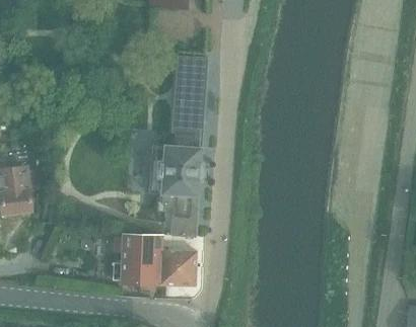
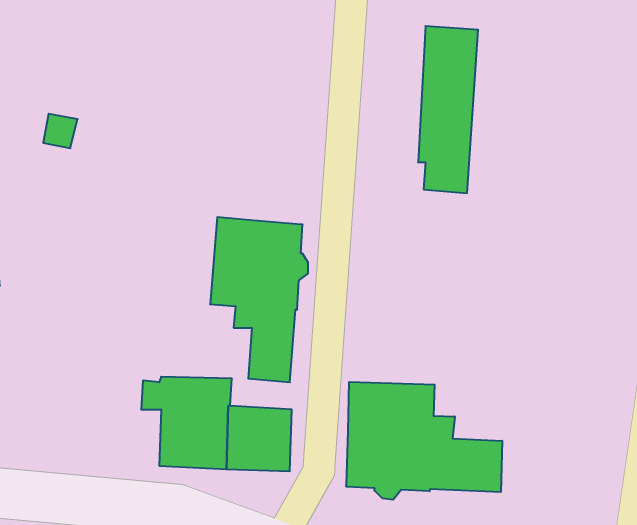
building: [174,56,207,149] -> [418,26,478,193]
building: none -> [346,382,502,500]

